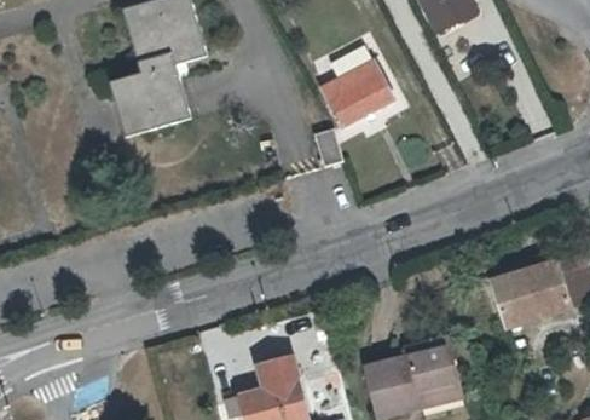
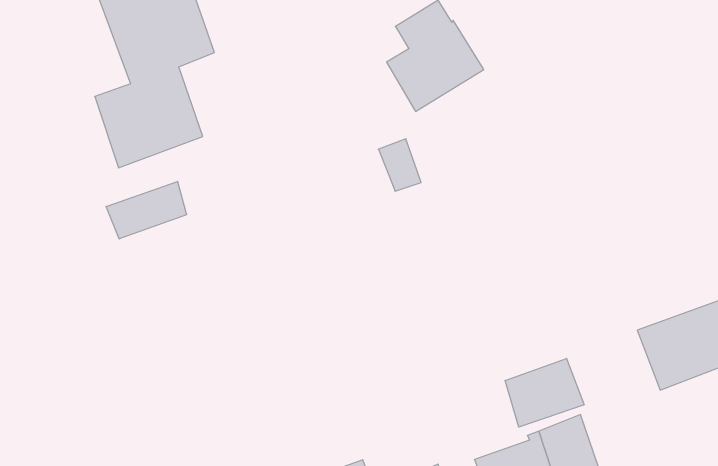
building: none -> [106,181,187,239]
building: none -> [505,358,584,427]

